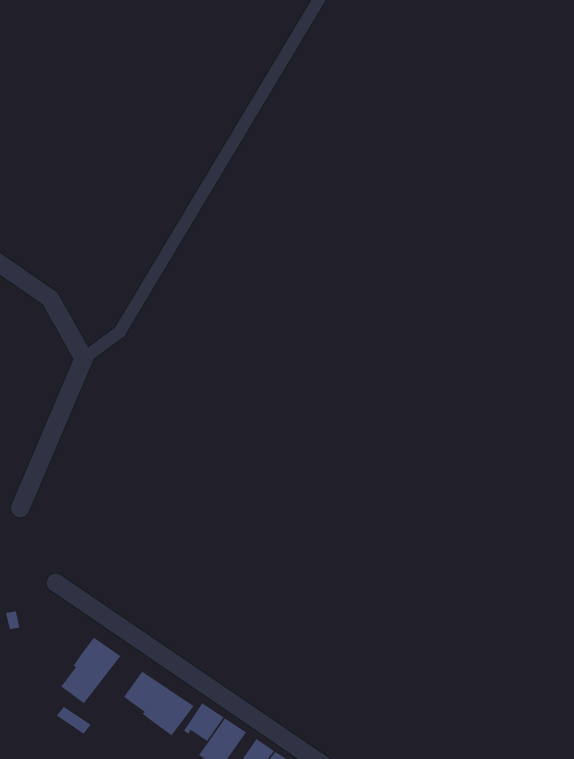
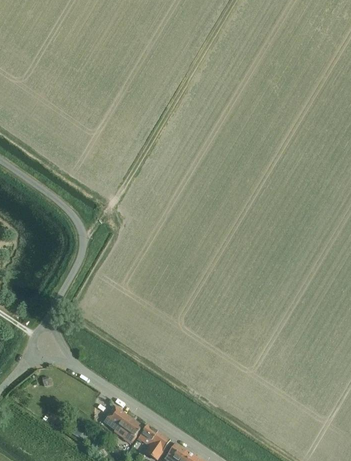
building: [61,637,121,704] -> none

